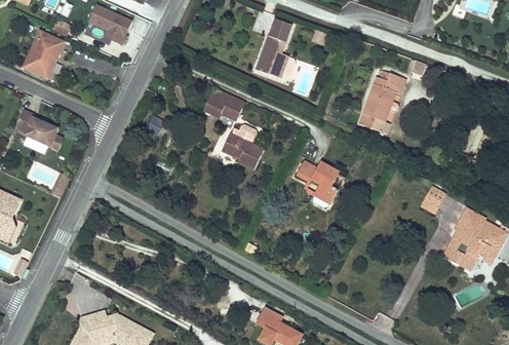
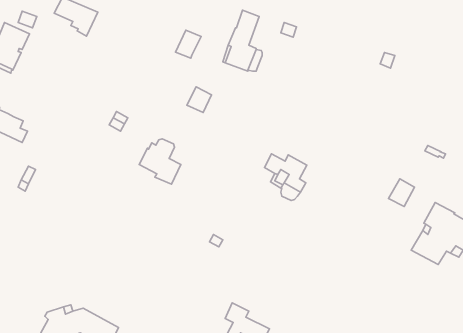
building: [360,70,405,132] -> none
building: [203,87,229,115] -> [175,30,201,58]
building: [222,123,263,168] -> [139,139,181,184]

